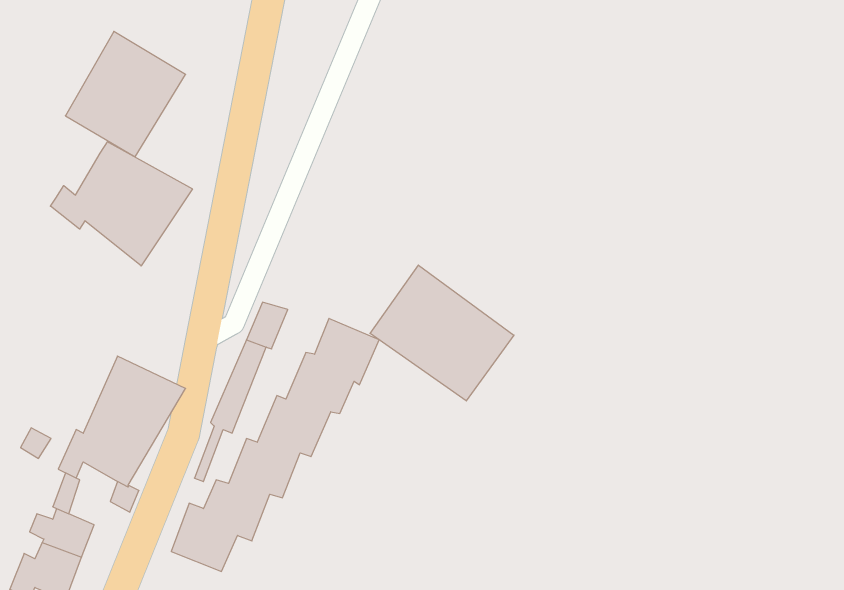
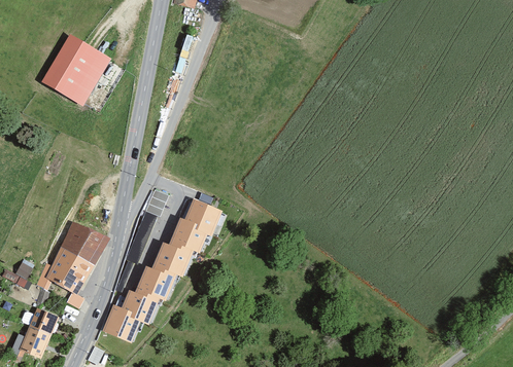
building: [50,141,192,266] -> none
building: [370,265,514,401] -> none

